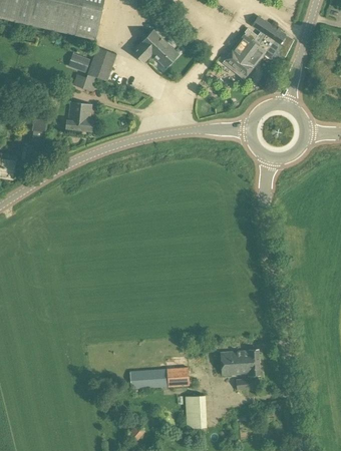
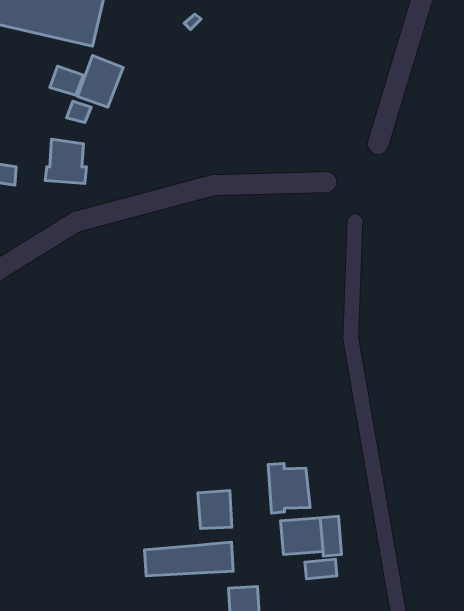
building: [225,15,293,75] -> none
building: [132,29,179,67] -> none
building: none -> [268,463,310,513]
building: none -> [198,490,232,528]

